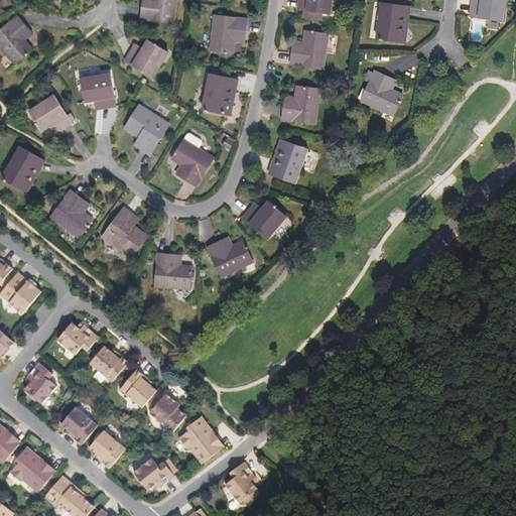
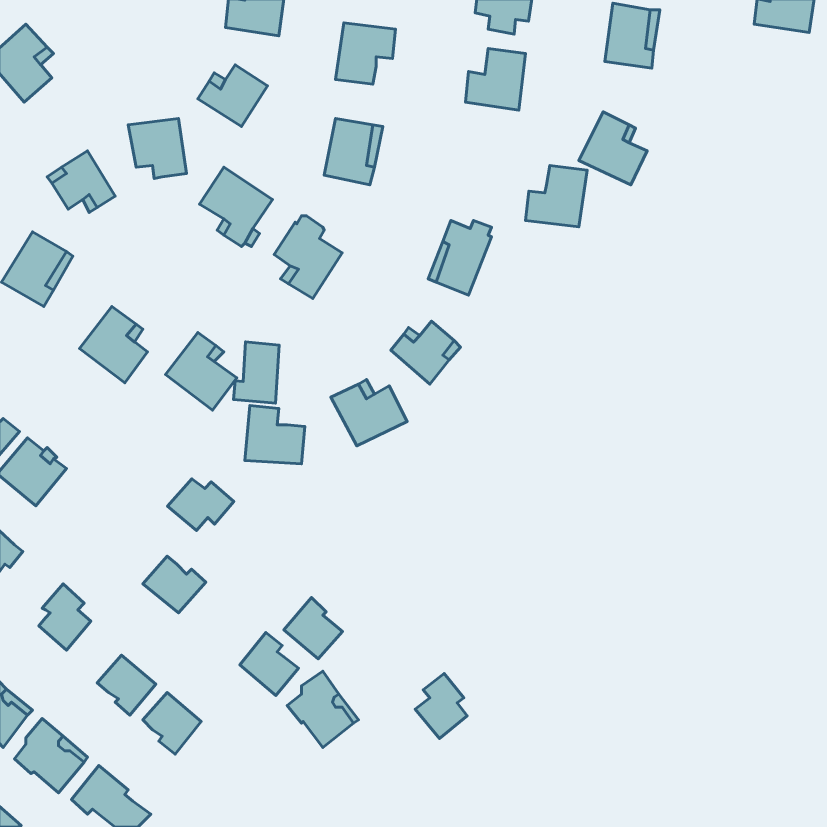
building: [281,85,319,123] -> [525,165,587,227]
building: none -> [234,342,279,403]
building: [56,322,98,355] -> [167,479,234,531]
building: [120,369,156,407] -> [284,597,342,659]
building: [133,458,174,491] -> none
building: [224,463,256,503] -> [415,674,467,738]

